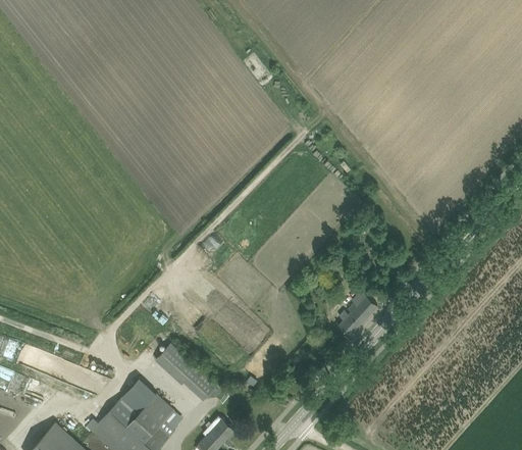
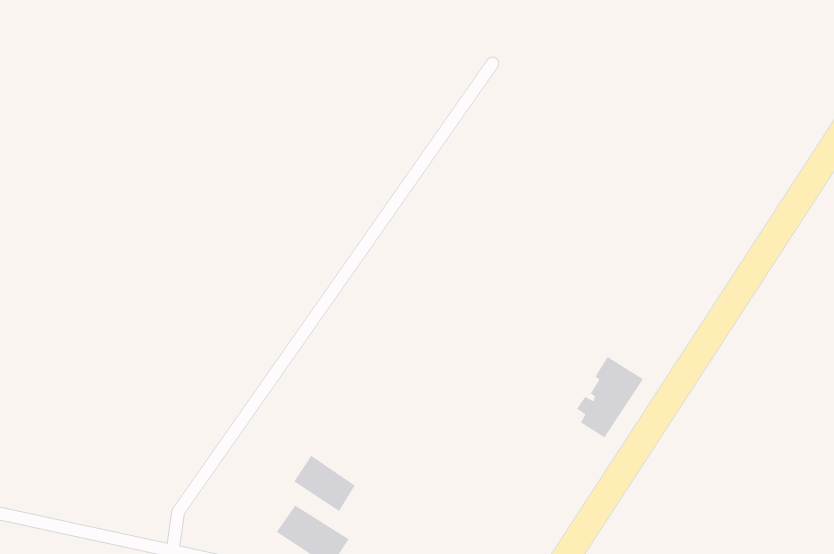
building: none -> [293,455,355,512]

